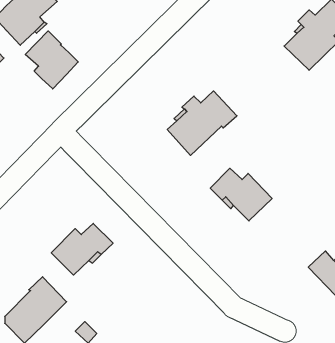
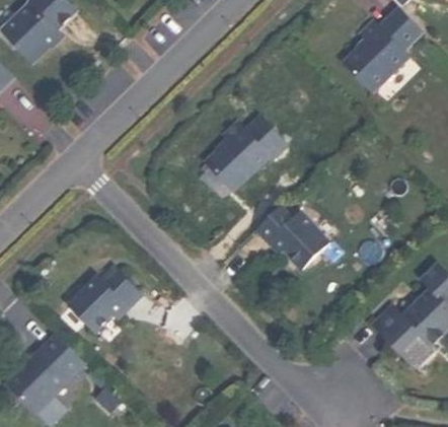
building: [25,31,78,89] -> none

